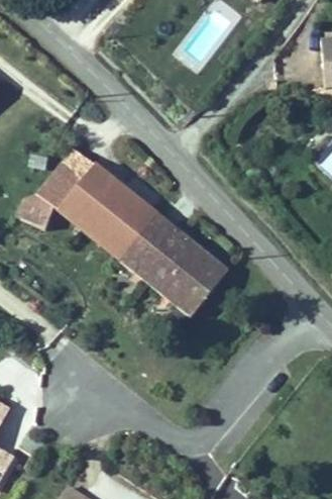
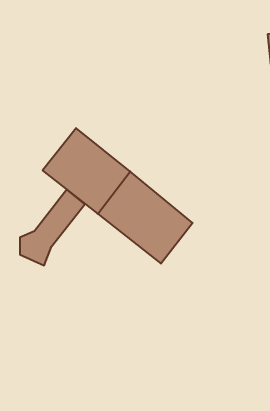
building: [21,142,94,227] -> [20,190,85,265]

